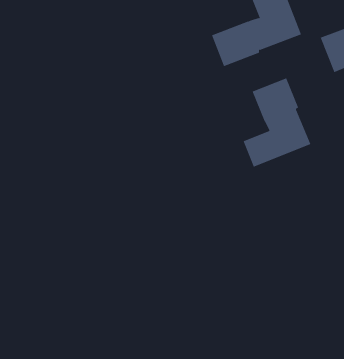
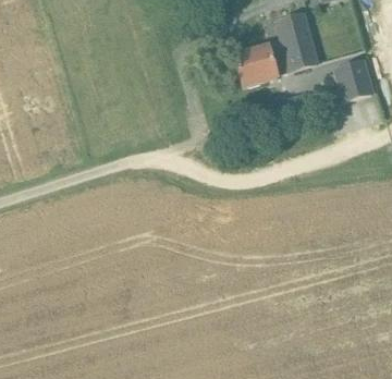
building: [243,77,311,168] -> none

